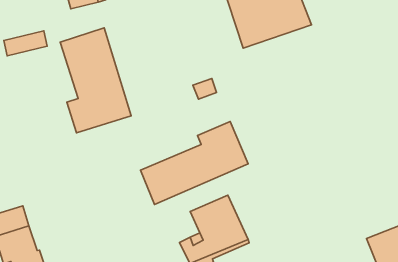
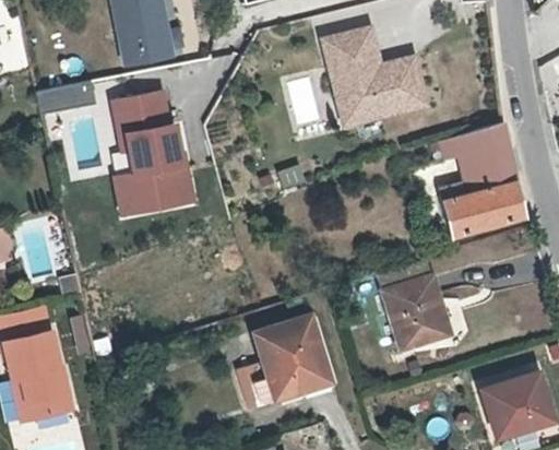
building: none -> [440,133,525,236]
building: [141,122,248,204] -> none
building: none -> [382,259,451,347]

